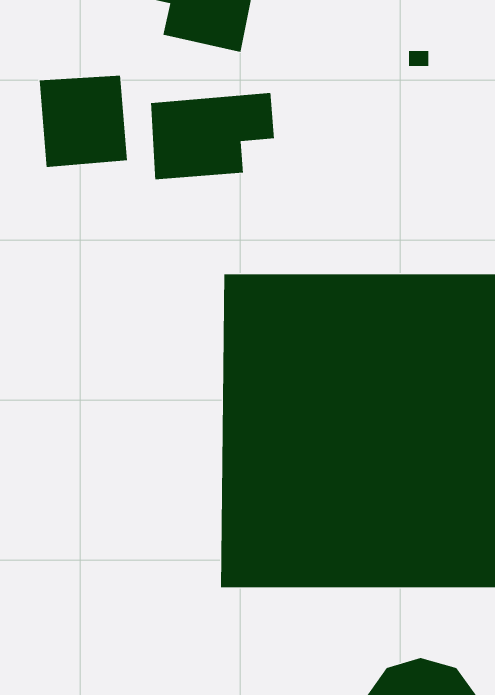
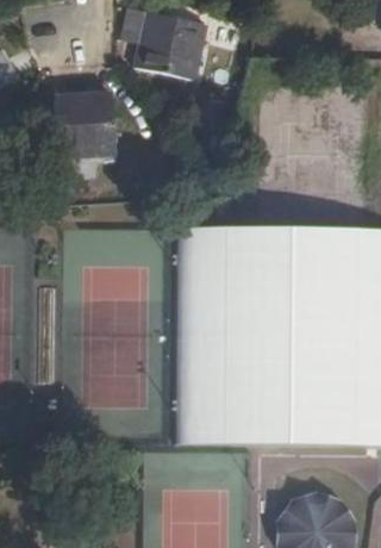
building: [150,92,275,180] -> none

